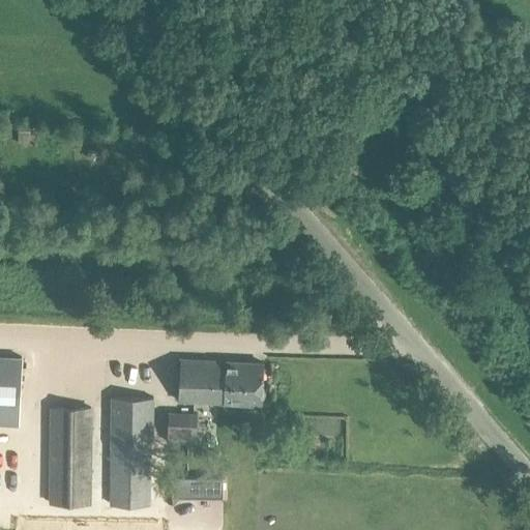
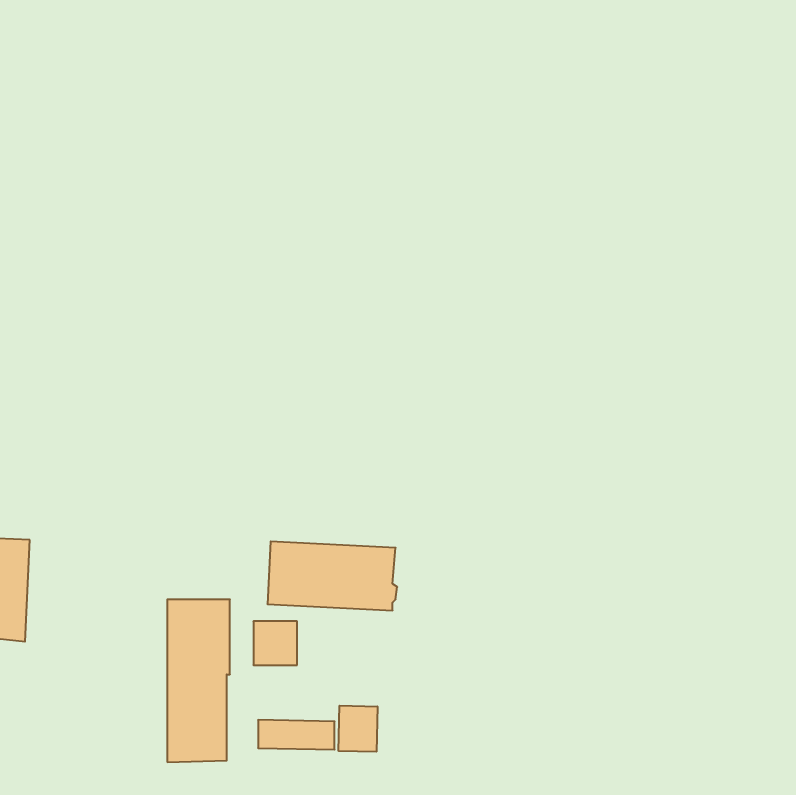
building: [51,411,90,507] -> none
building: none -> [339,706,377,752]

